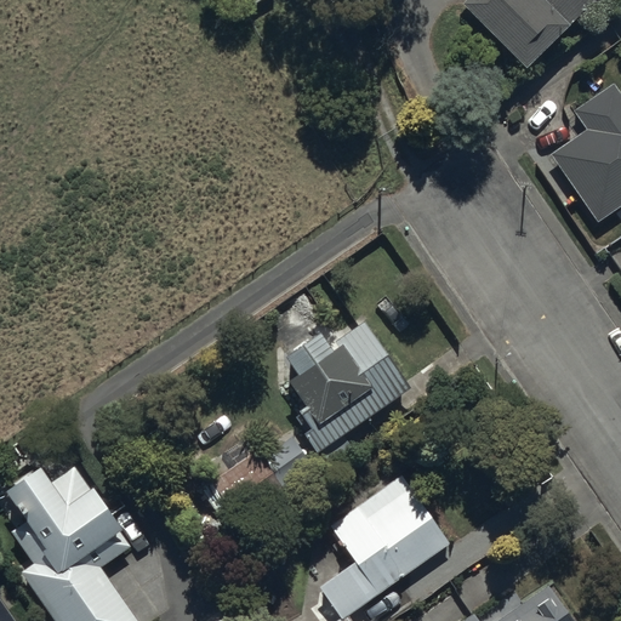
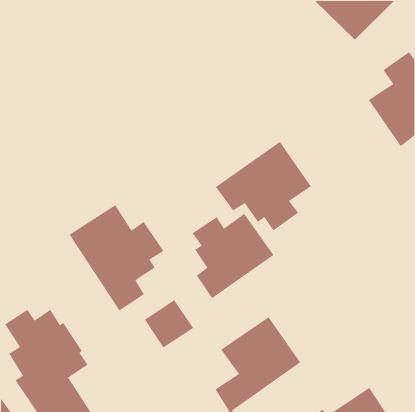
building: none -> [215,141,312,231]
building: none -> [69,204,164,312]

